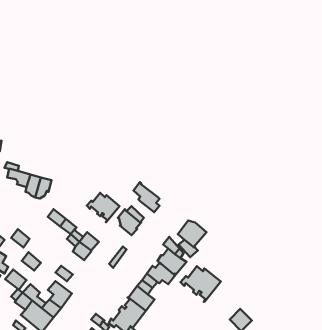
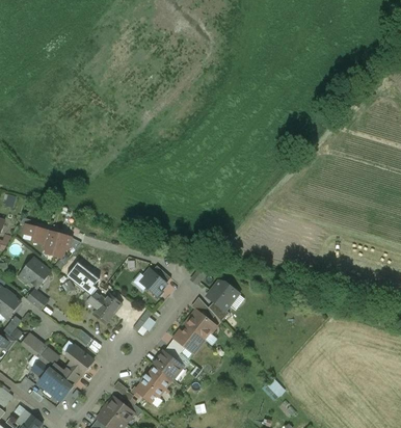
building: [134,182,160,212] -> none
building: [87,193,120,222] -> none
building: none -> [22,258,49,287]
building: [180,266,221,302] -> none

